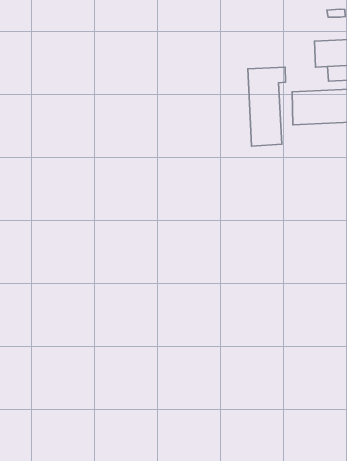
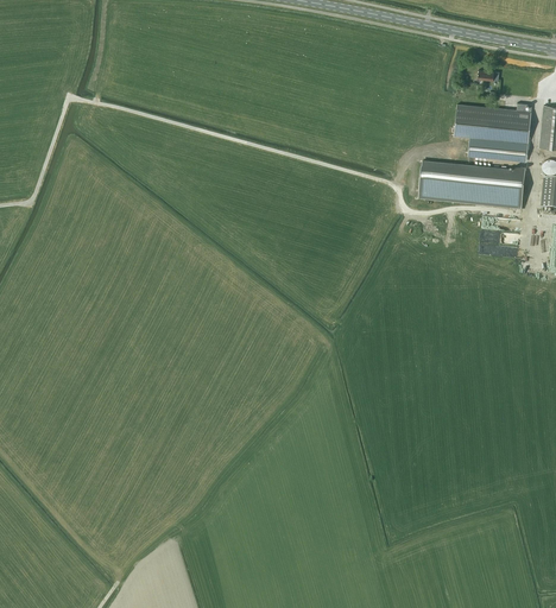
building: [248,67,286,146] -> none

